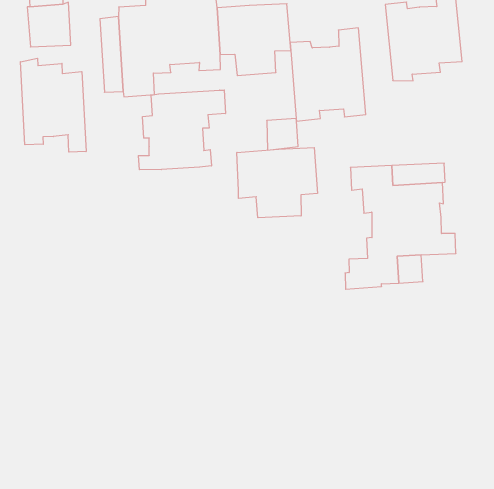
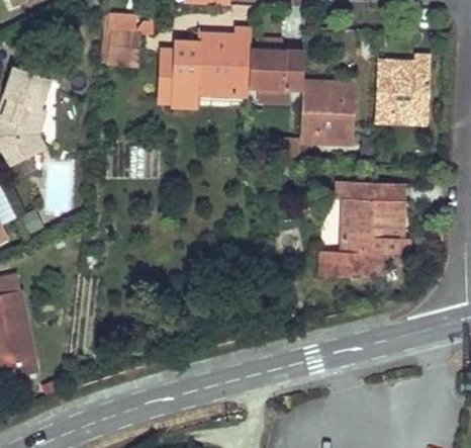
building: [20,58,86,152] -> none
building: [138,90,225,170] -> none
building: [237,148,317,218] -> none

